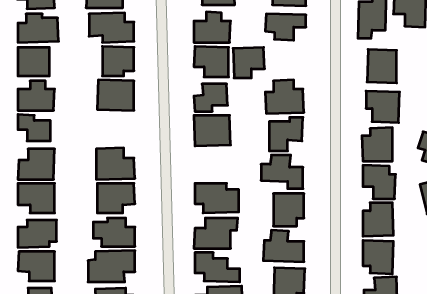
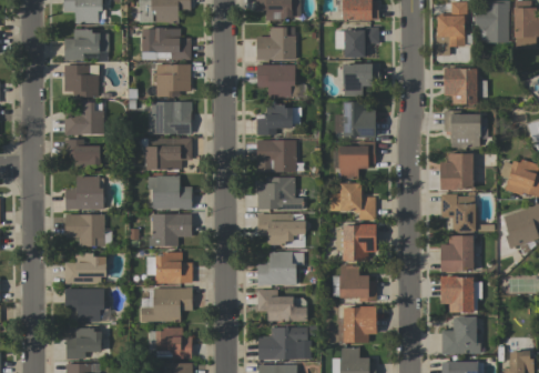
building: [233,47,265,78] -> [343,63,377,97]
building: none -> [146,138,192,170]
building: none -> [256,177,303,210]

